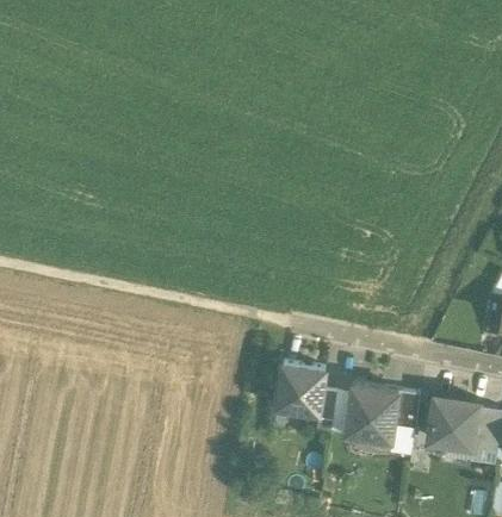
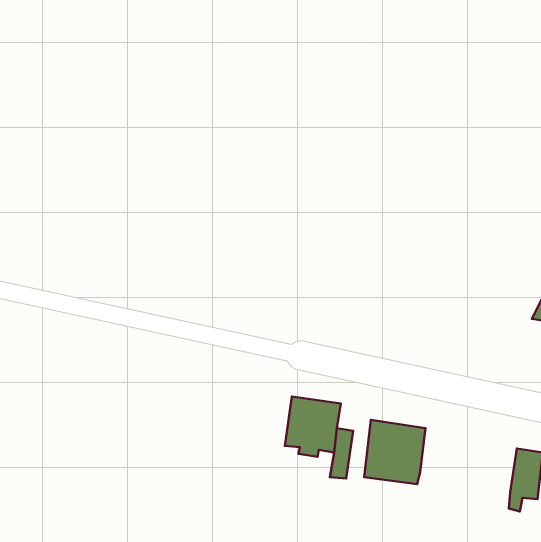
building: [395,390,421,430] -> none
building: [429,397,479,446] -> none

